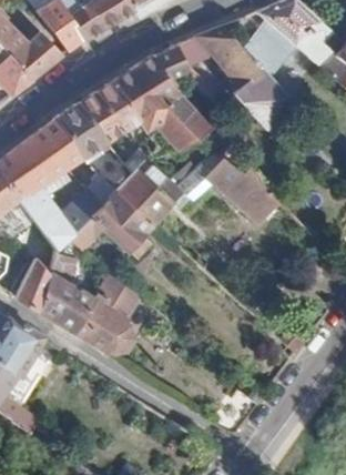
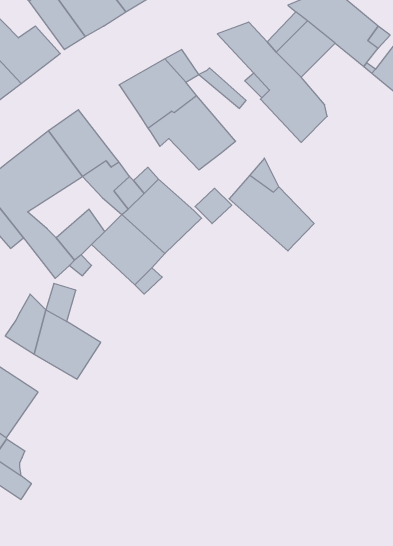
building: [78,80,139,140] -> none
building: [77,271,140,353] -> none

